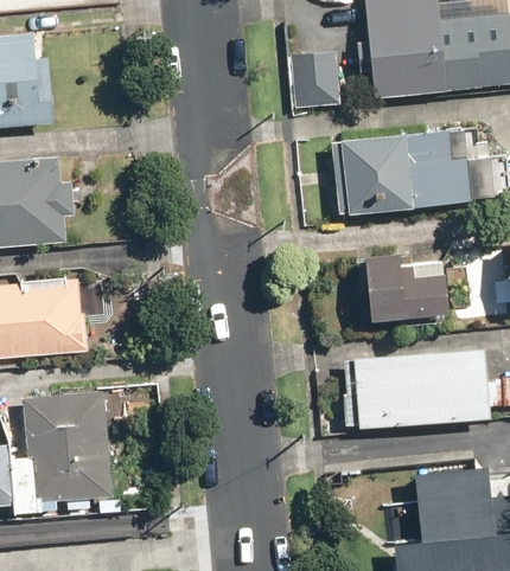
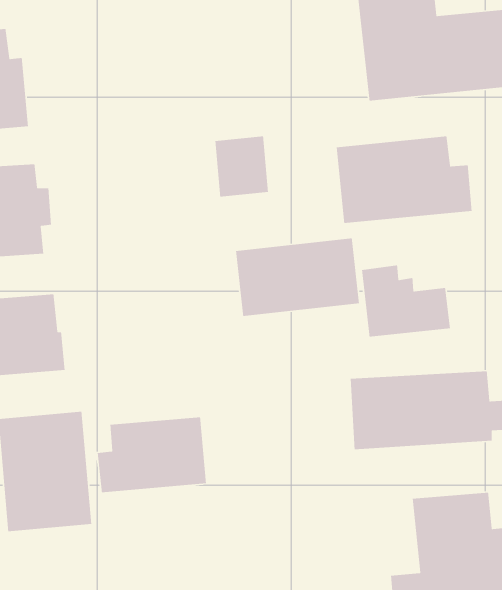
building: [287,51,338,109] -> [215,136,269,197]
building: none -> [235,237,360,317]
building: none -> [97,417,207,493]

